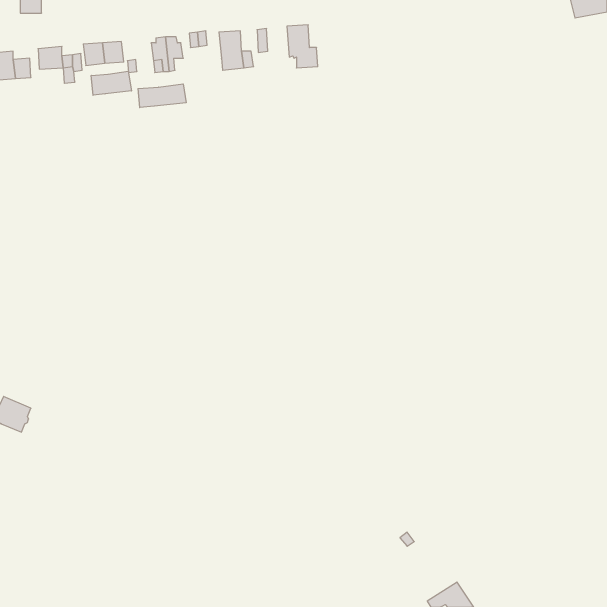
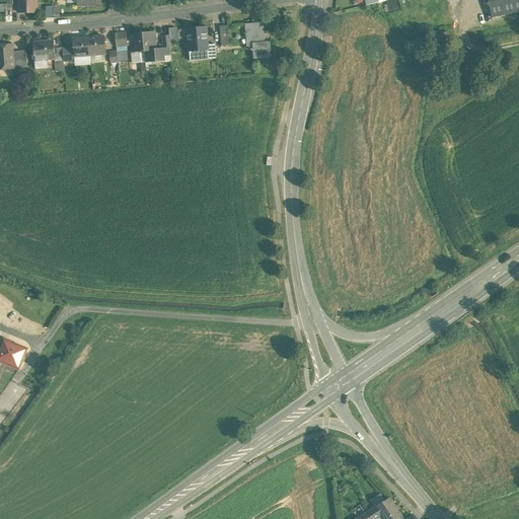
building: [91,71,131,95] -> none
building: [138,84,186,108] -> none

